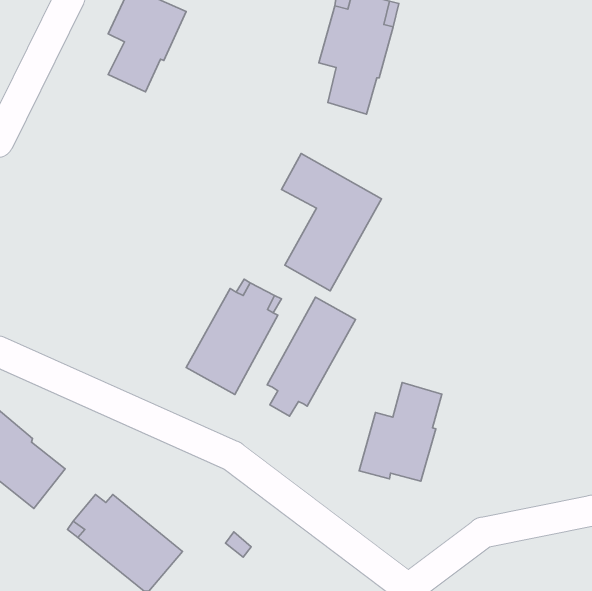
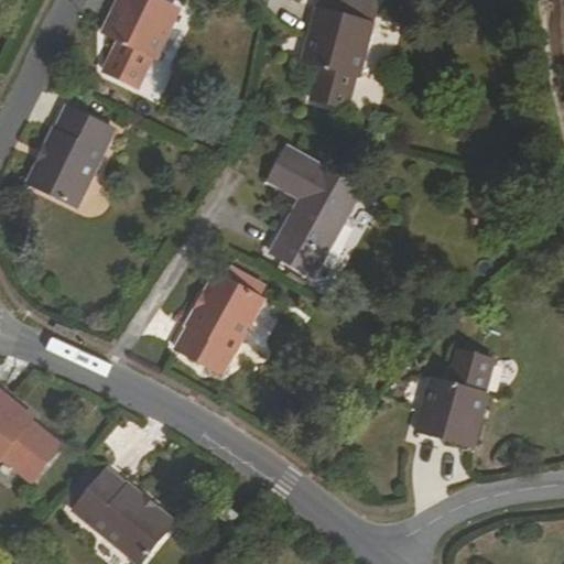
building: none -> [28,107,112,206]
building: [267,297,356,416] -> none
building: [359,382,442,481] -> [415,348,494,442]

